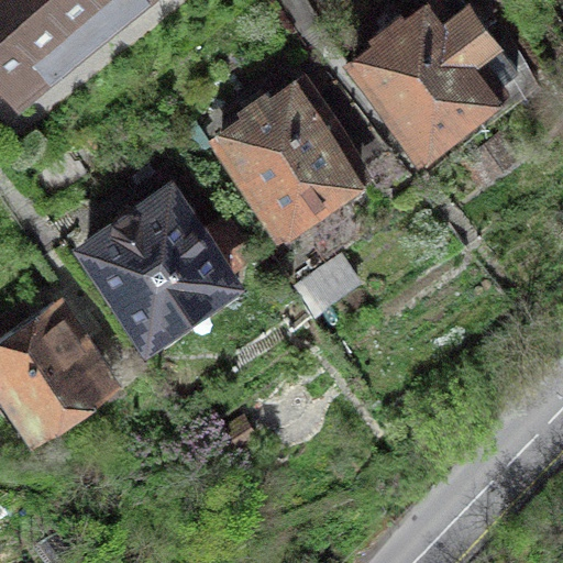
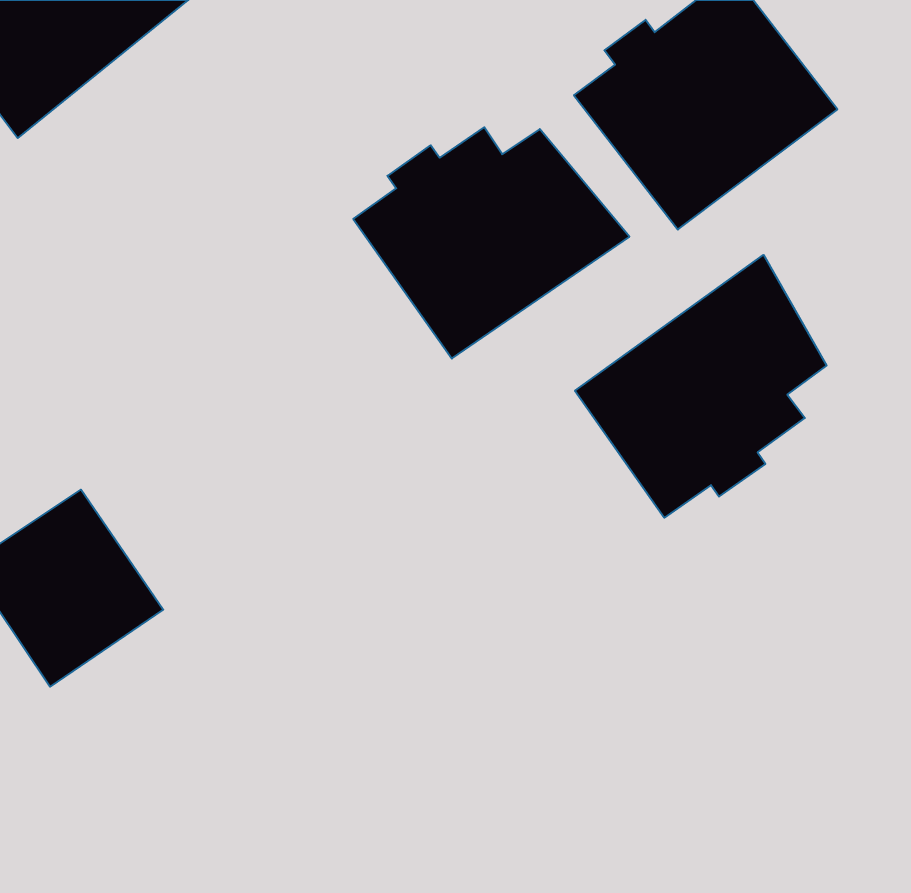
building: none -> [575,255,827,518]
building: [84,198,227,342] -> none

